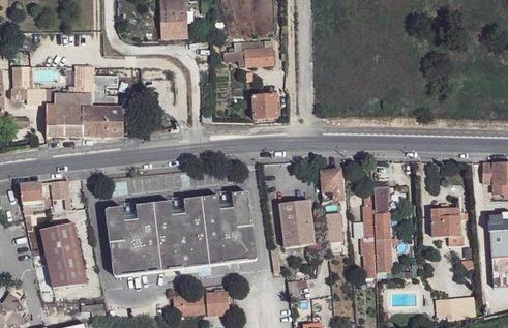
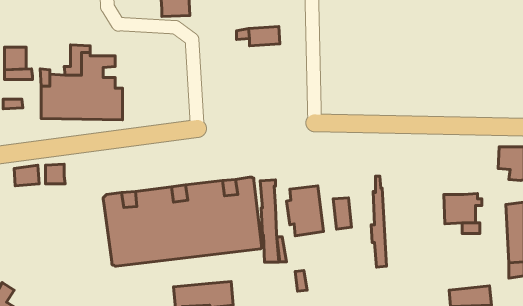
building: [251,94,277,119] -> none
building: [319,168,343,201] -> none
building: [373,185,391,264] -> [260,180,279,262]
building: [39,221,87,287] -> none

